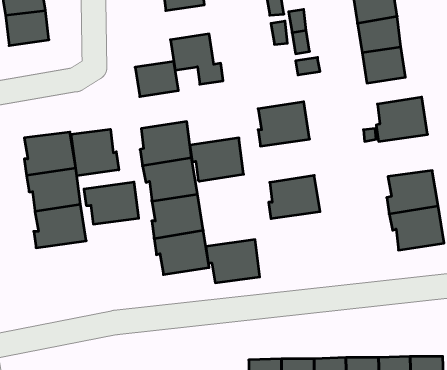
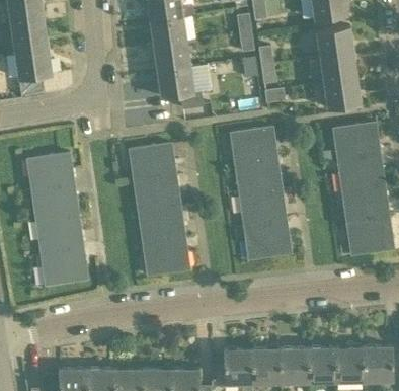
building: [135,61,178,97] -> [153,43,190,73]
building: [71,129,119,176] -> none
building: none -> [337,155,384,191]
building: [190,138,244,181] -> [235,159,282,197]
building: [84,182,139,224] -> [41,247,88,284]
building: [206,240,260,283] -> [244,222,291,259]

